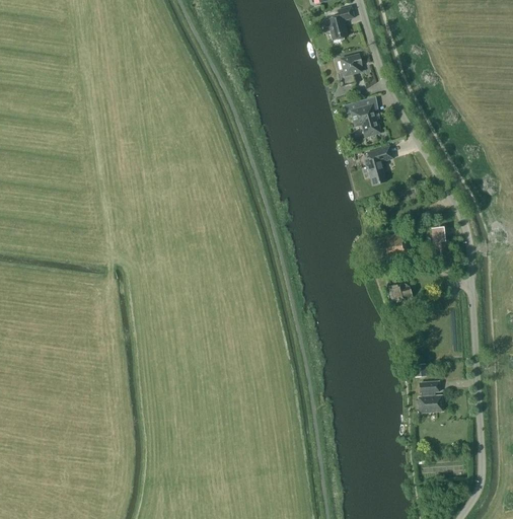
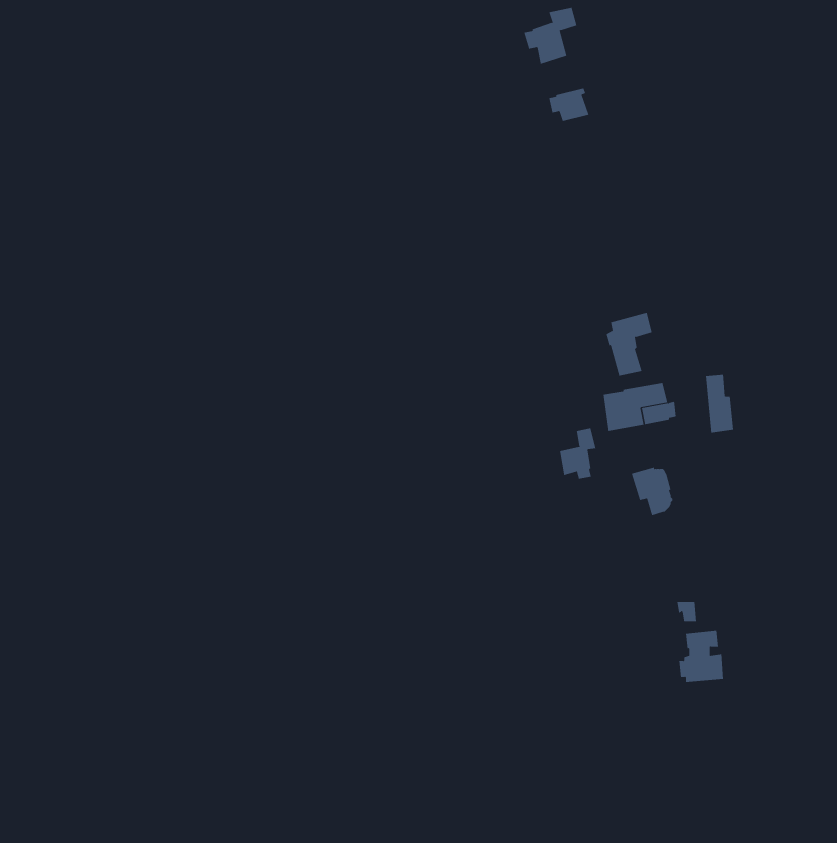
building: [352,103,380,135] -> none
building: [365,145,393,183] -> [605,312,653,376]
building: none -> [559,428,596,480]

